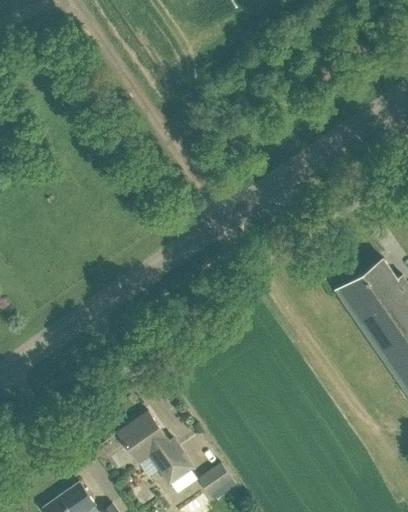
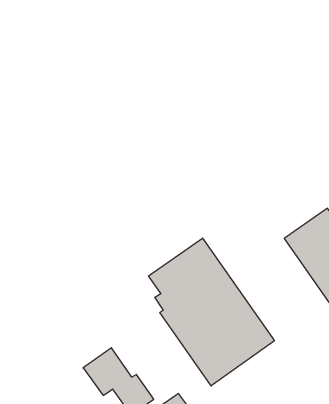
building: none -> [149,238,274,386]

